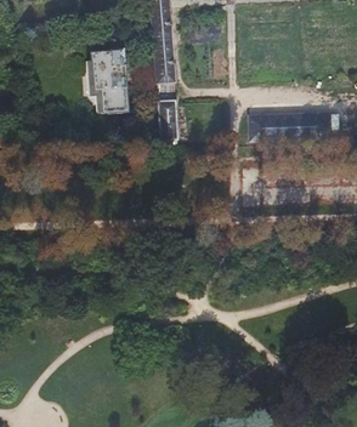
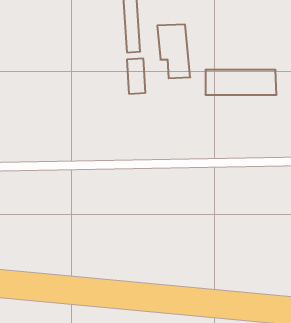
building: [90,51,129,114] -> [157,25,190,78]

